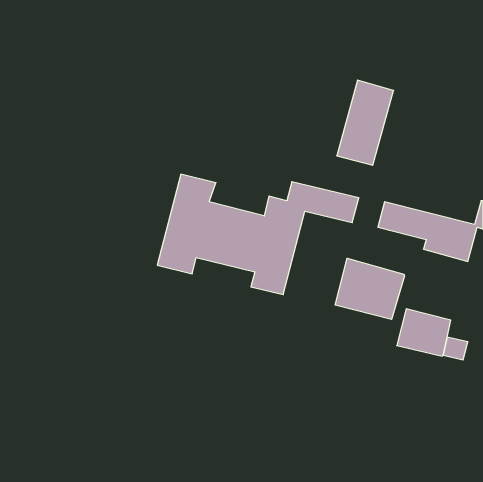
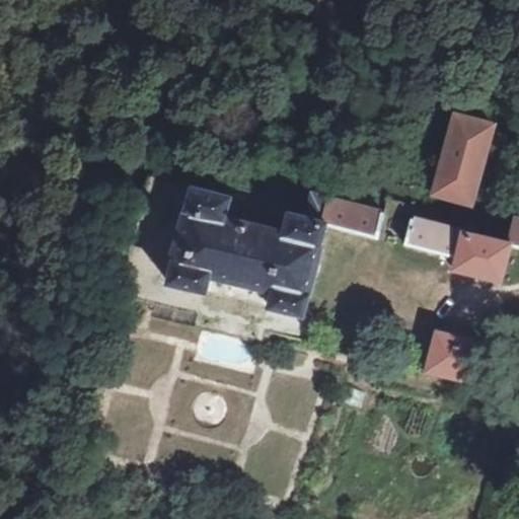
building: [337,80,394,165] -> [431,112,492,203]
building: [335,258,404,319] -> none

